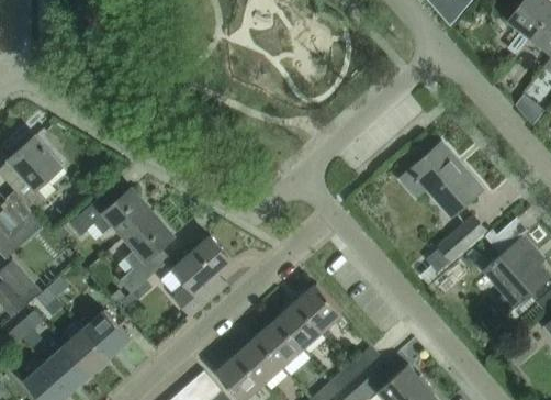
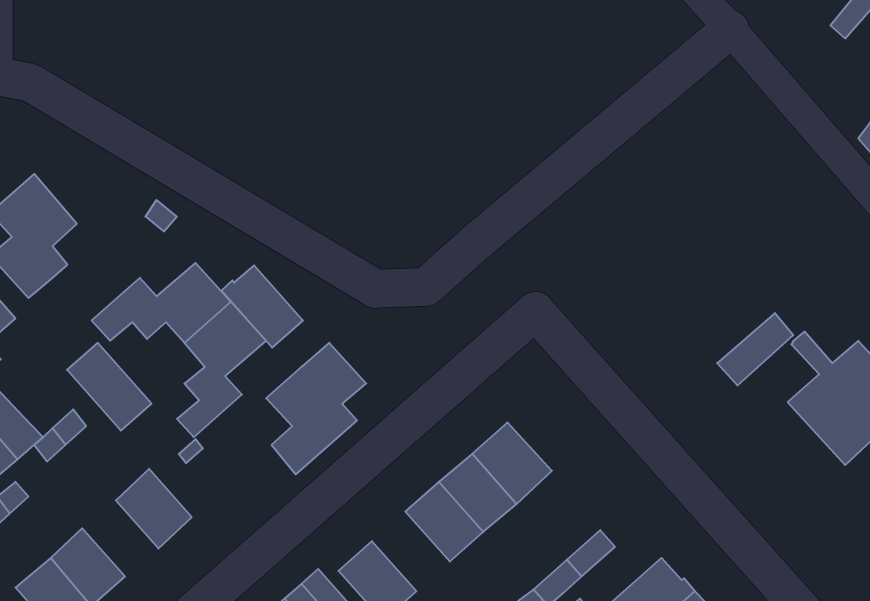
building: [398,146,483,216] -> none
building: none -> [221,265,303,348]
building: none -> [67,343,151,431]
building: [65,330,110,375] -> none
building: [236,336,282,384] -> none

